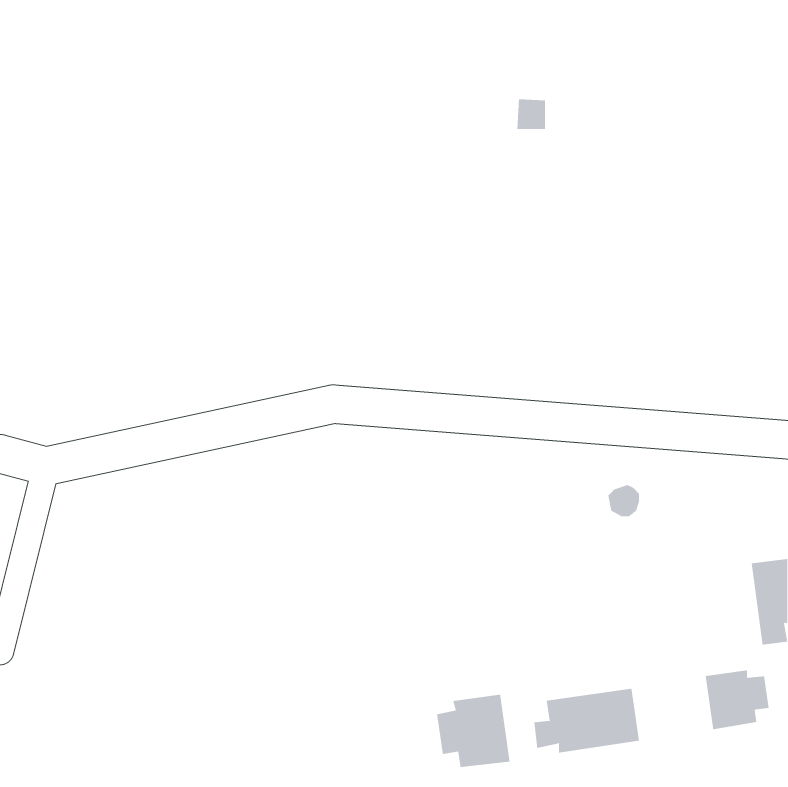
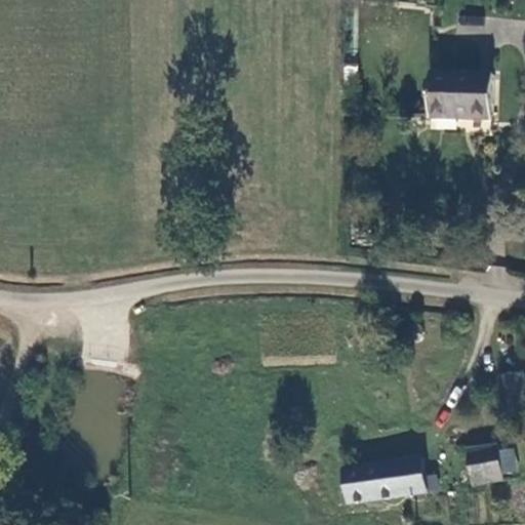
building: none -> [428,74,489,118]
building: [437,694,510,768] -> none

